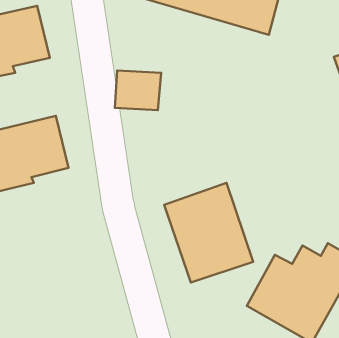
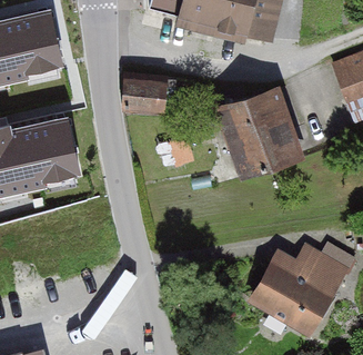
building: [164,183,253,283] -> [216,86,302,181]

